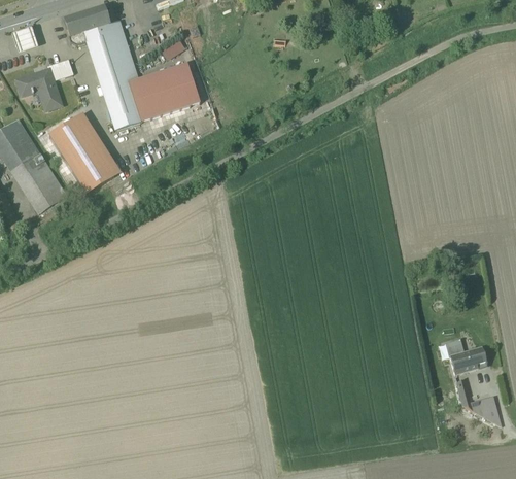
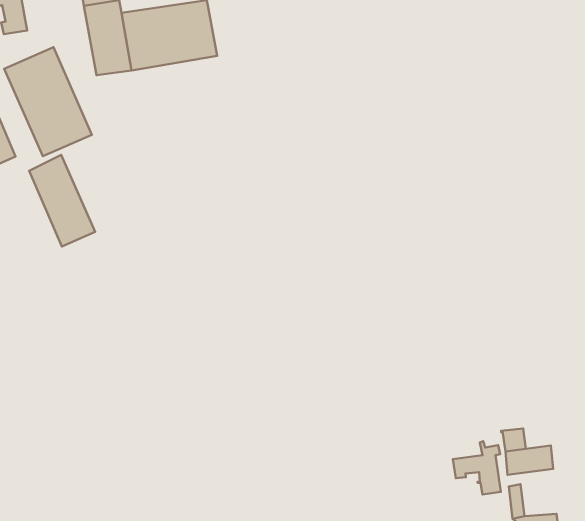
building: none -> [29,155,95,247]
building: none -> [453,441,501,494]

